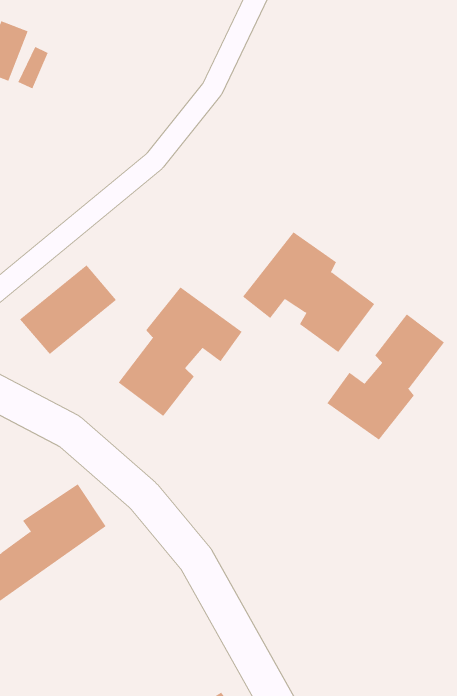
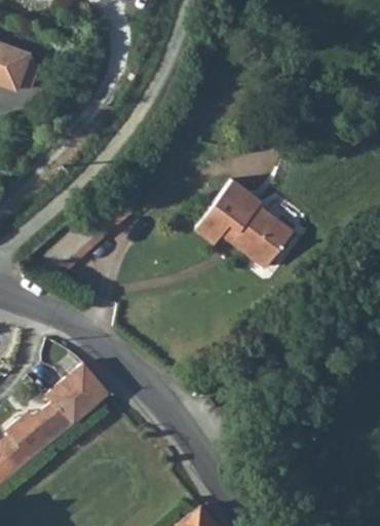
building: [118,287,243,417] -> none
building: [326,314,445,441] -> none

